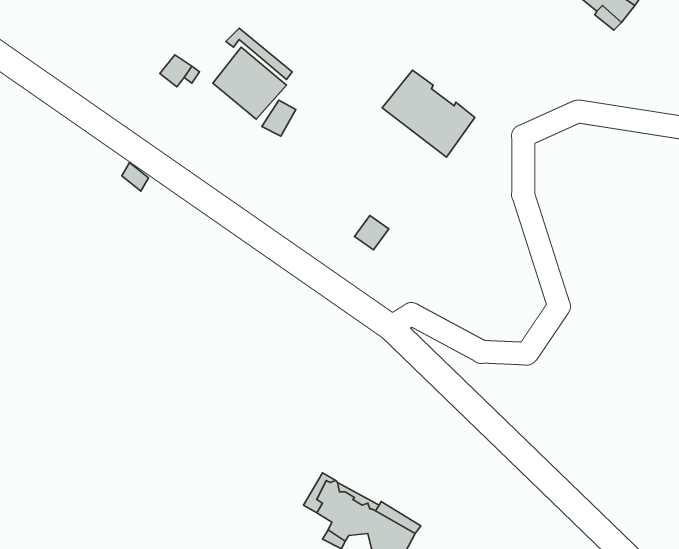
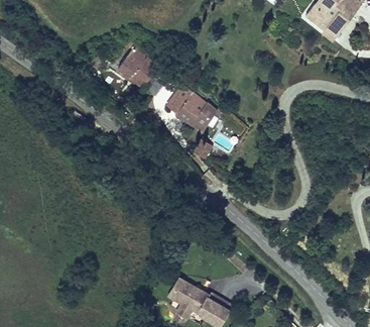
building: [382,70,475,157] -> [167,86,217,132]

